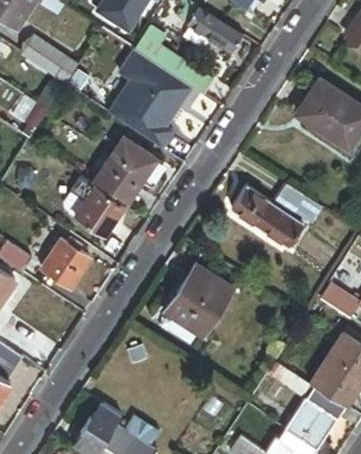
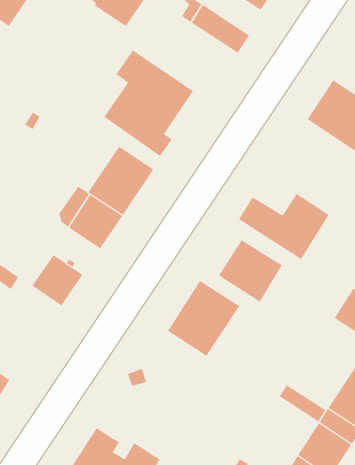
building: [135,27,212,96] -> none
building: [25,36,80,82] -> none
building: none -> [218,240,282,302]

